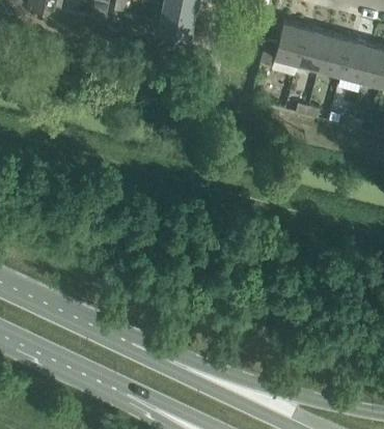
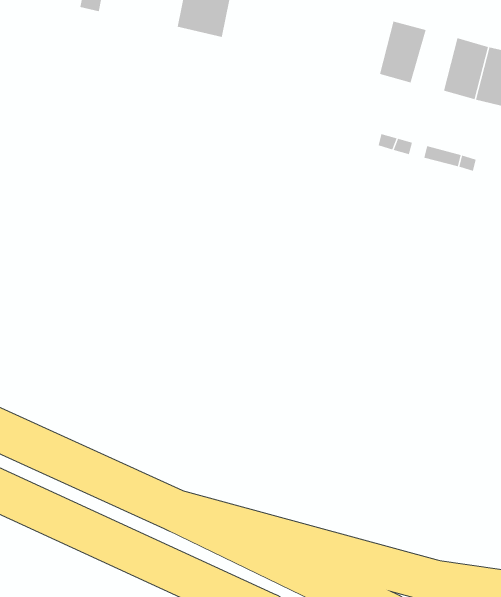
building: [259,23,305,66] -> none
building: [318,34,349,76] -> none

